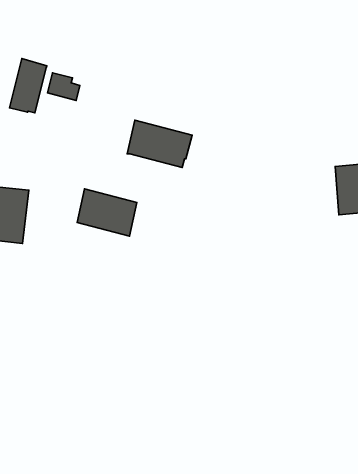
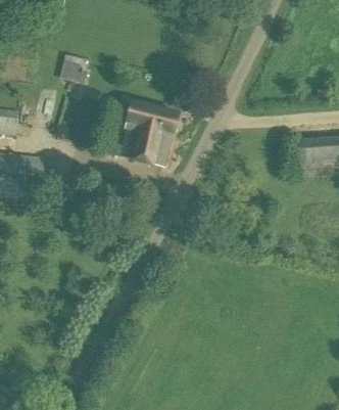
building: [10,59,47,113] -> none
building: [77,189,137,236] -> [122,127,171,166]

